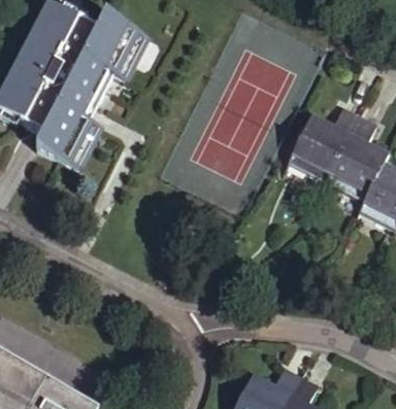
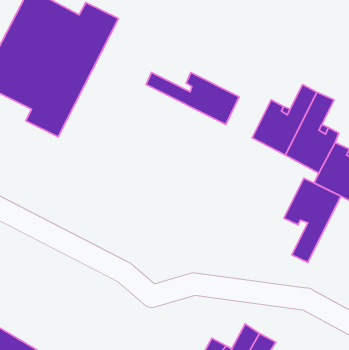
building: none -> [146,72,239,124]
building: none -> [284,178,341,262]

